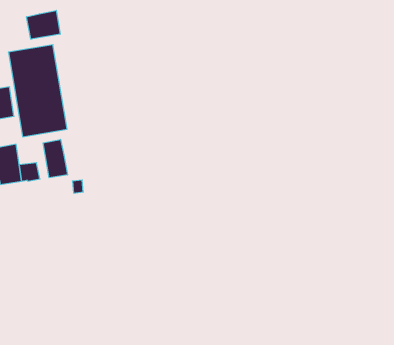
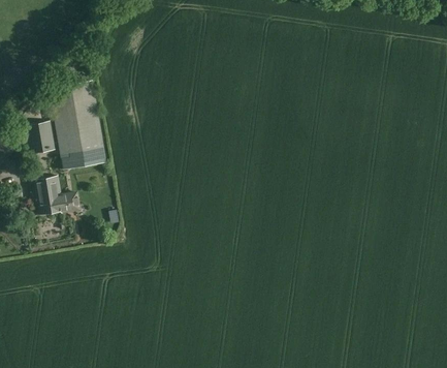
building: [27,10,60,39] -> none
building: [43,139,67,178] -> none

